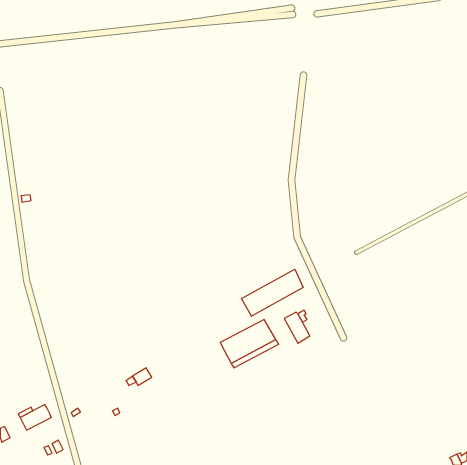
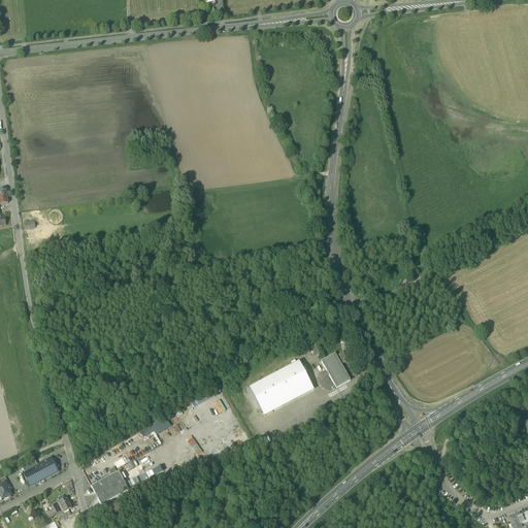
building: [242,269,303,316] -> none
building: none -> [92,470,128,503]

